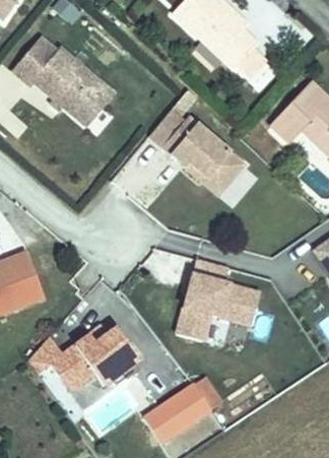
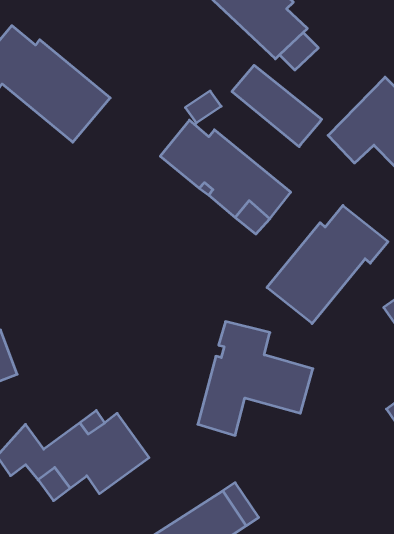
building: none -> [232,65,322,147]
building: none -> [267,205,388,324]

